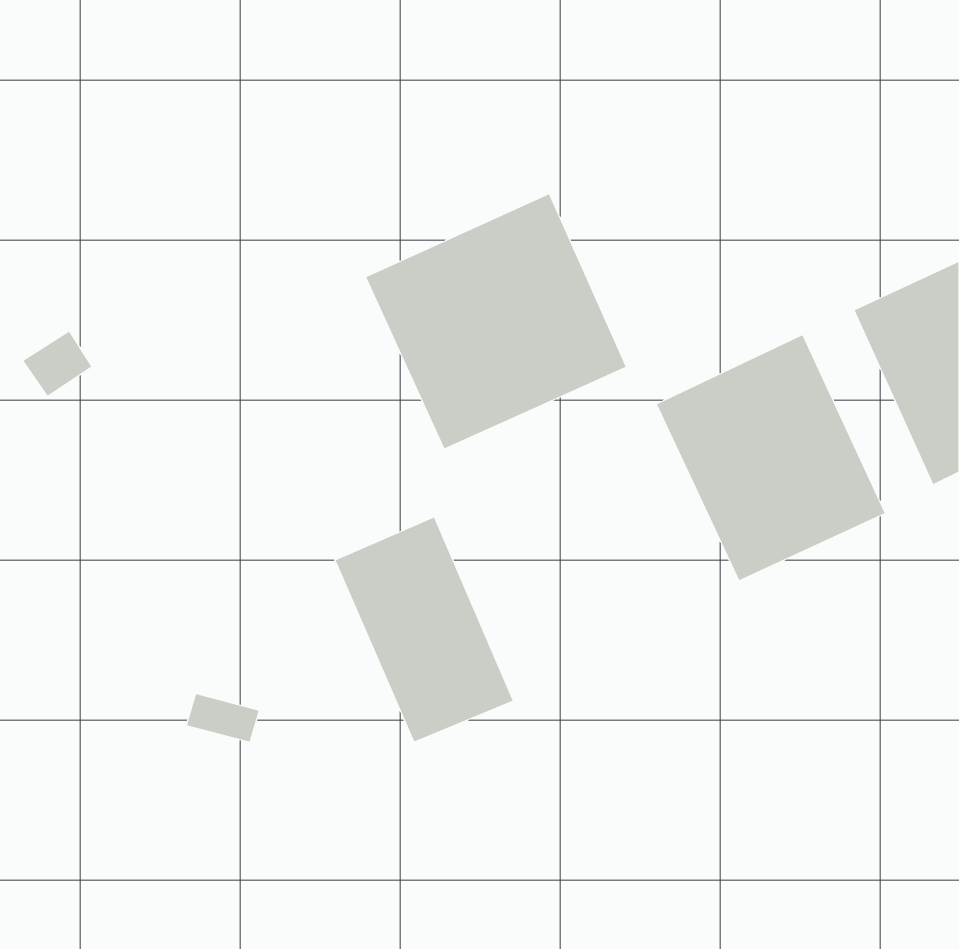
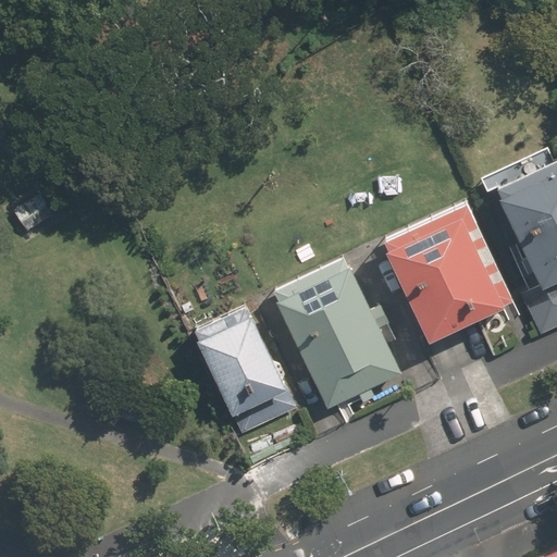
building: [366,194,626,449] -> none
building: none -> [272,258,401,411]

